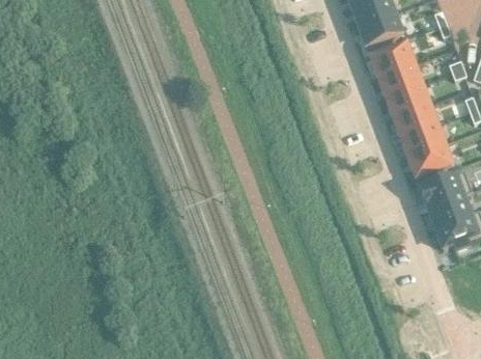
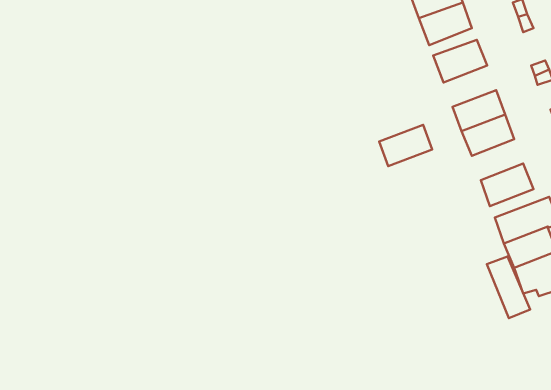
building: [379,63,422,96] -> [379,125,432,166]
building: [402,122,444,156] -> none
building: none -> [487,256,530,318]

